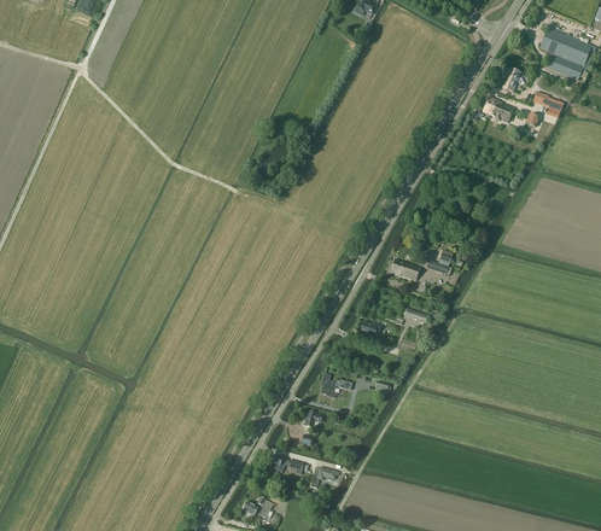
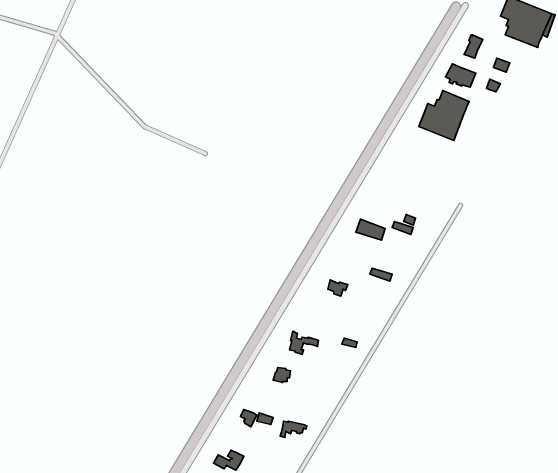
building: none -> [419,90,469,140]

